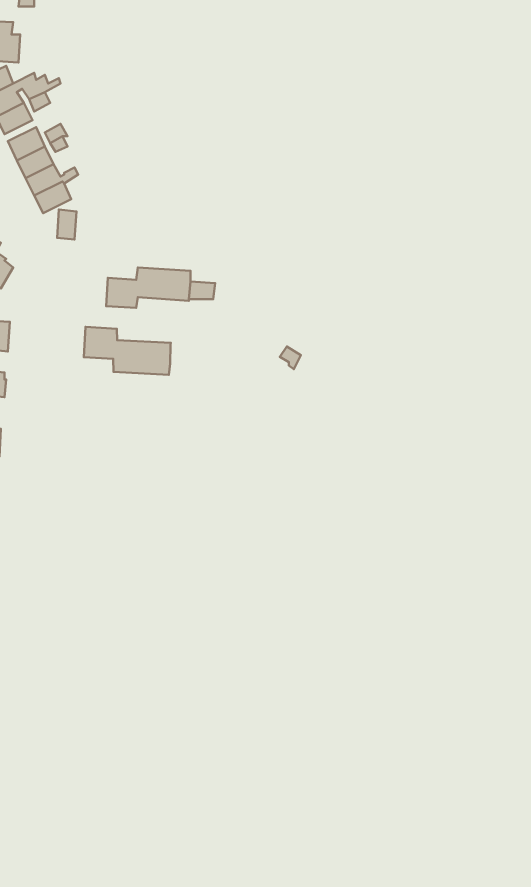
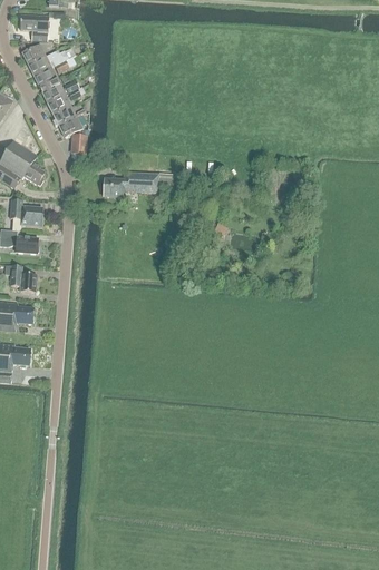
building: [84,327,171,375] -> none

